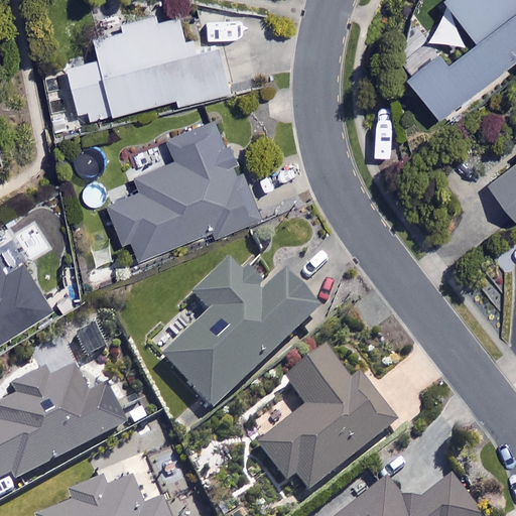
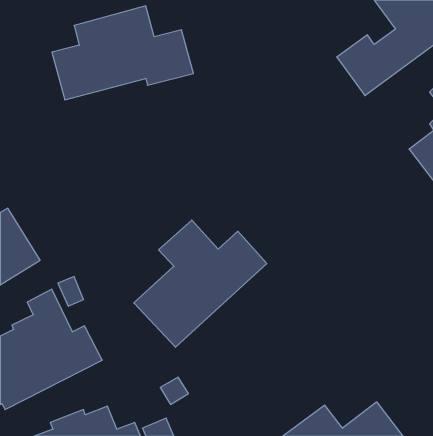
building: [106,116,259,261] -> none
building: [256,350,395,493] -> none

